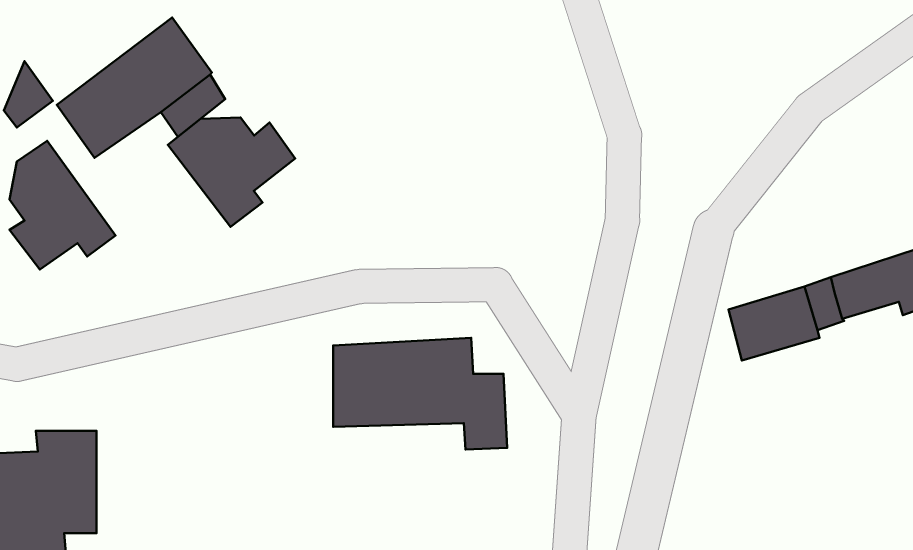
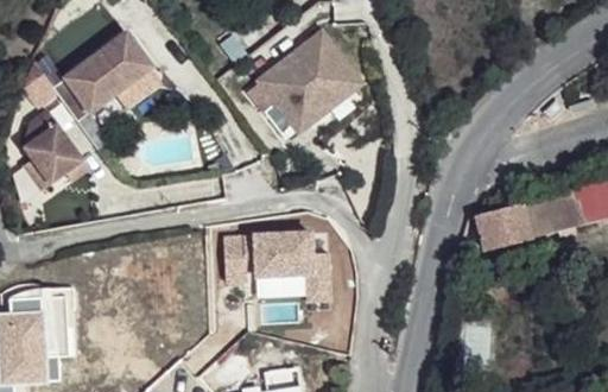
building: none -> [247,34,359,139]
building: [168,118,295,227] -> none

